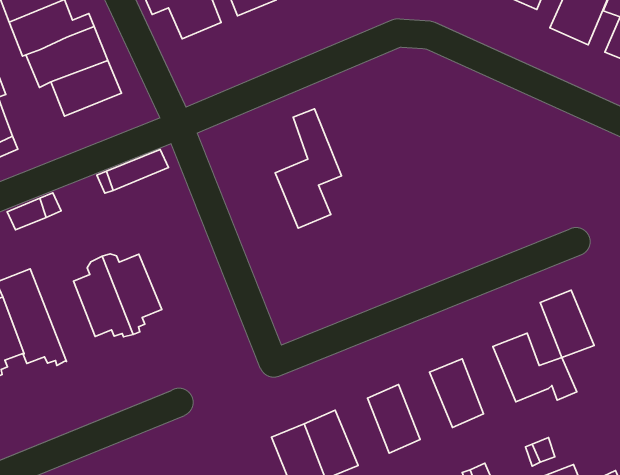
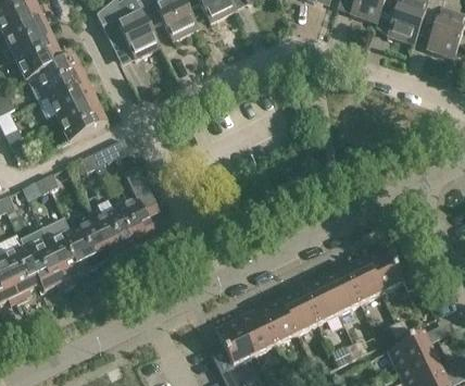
building: none -> [56,101,105,142]
building: [275,109,341,228] -> [114,165,160,248]
building: none -> [40,216,88,288]
building: [540,290,594,358] -> [341,258,380,304]
building: none -> [299,278,338,325]
building: none -> [256,299,296,346]

